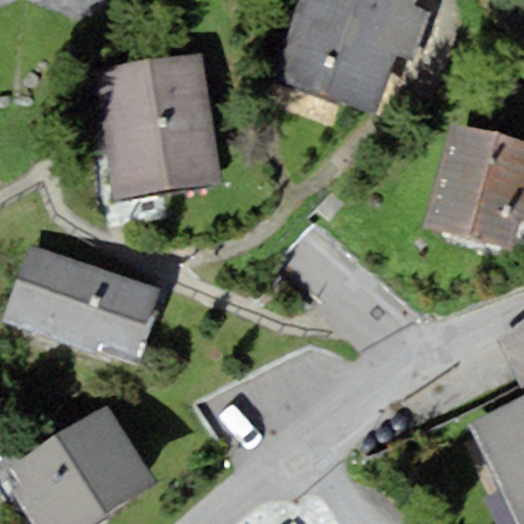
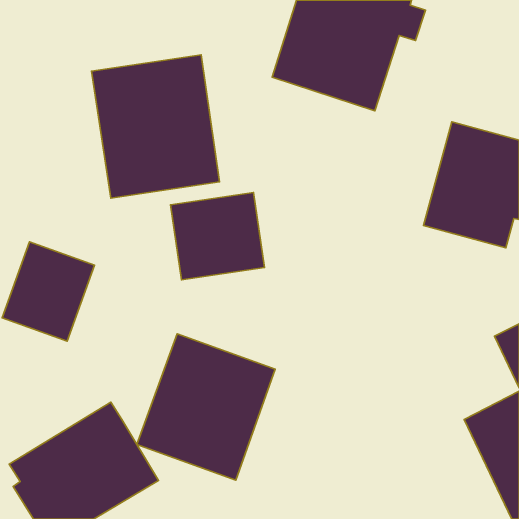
building: none -> [170,192,265,280]
building: [68,267,158,354] -> none
building: none -> [137,334,275,480]

